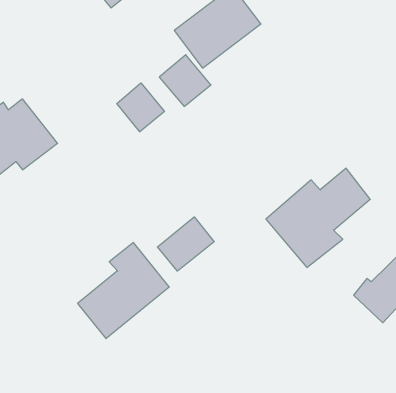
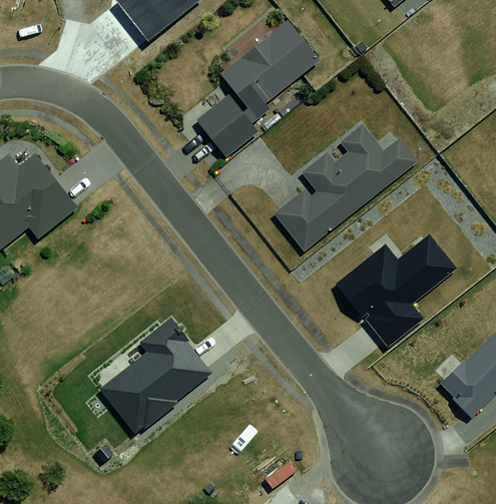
building: none -> [272,127,418,250]
building: [117,83,164,132] -> none
building: [157,217,214,271] -> none

